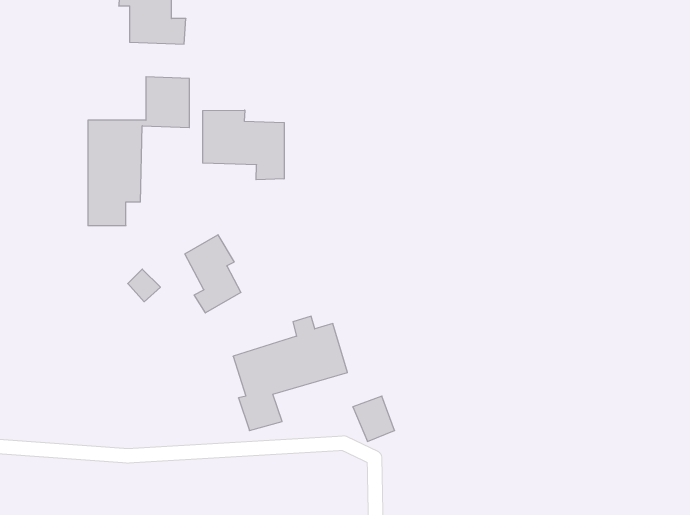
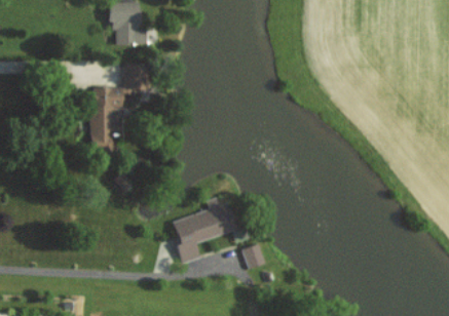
building: [203,110,284,180] -> none
building: [185,235,241,313] -> none

